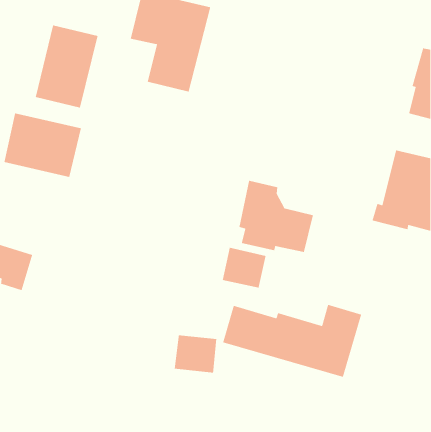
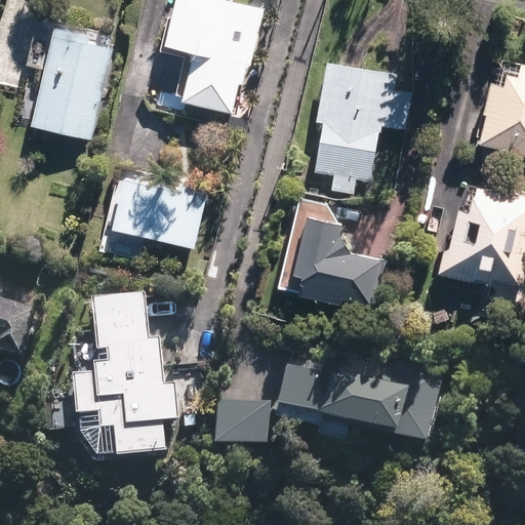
building: none -> [310,63,406,188]
building: [4,113,82,178] -> [109,168,203,247]
building: none -> [82,295,181,451]
building: [222,247,266,288] -> none

